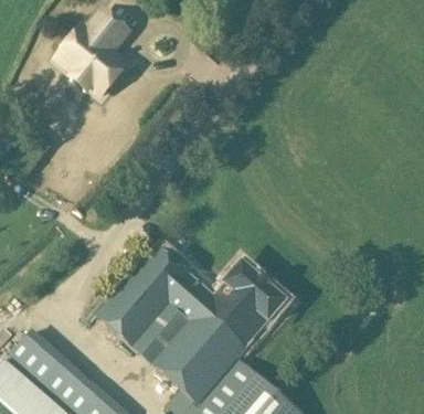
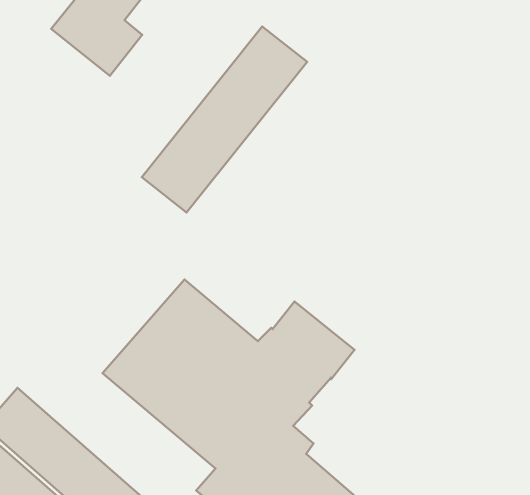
building: none -> [142,27,307,213]

